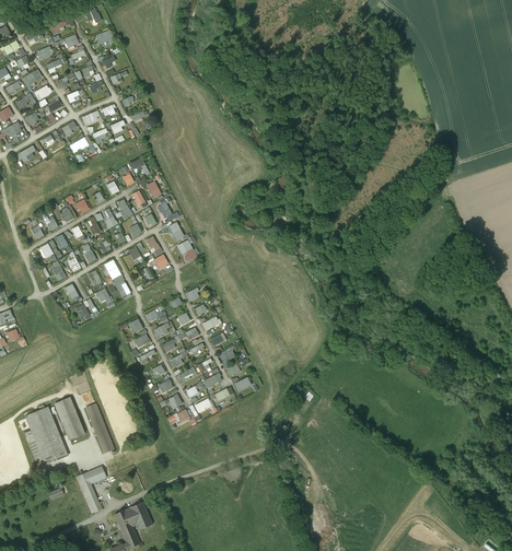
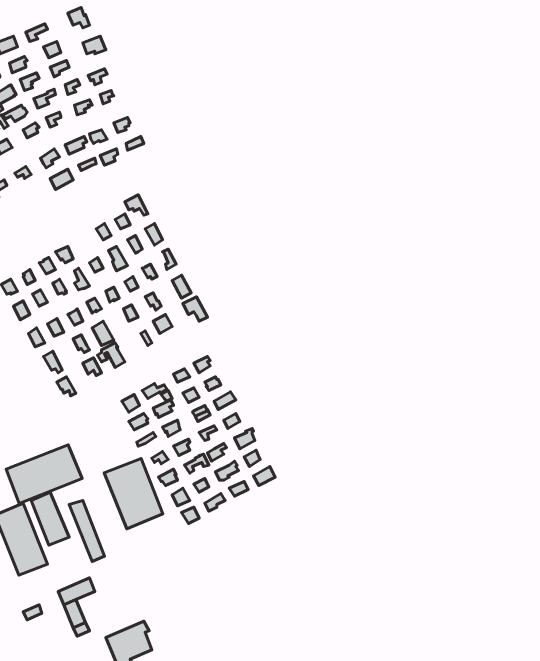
building: none -> [6,445,82,504]
building: none -> [104,458,163,529]

